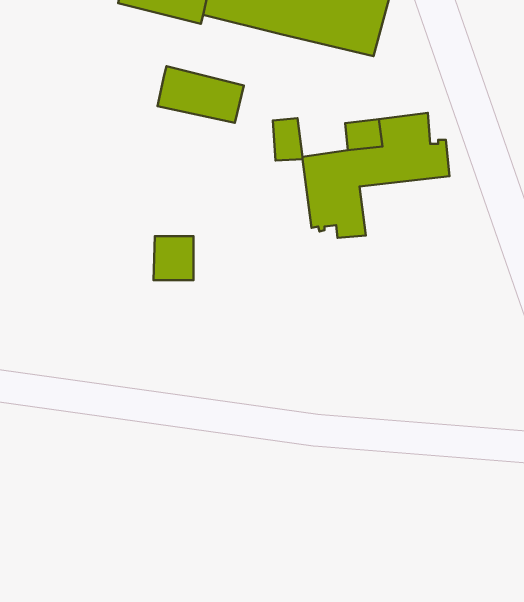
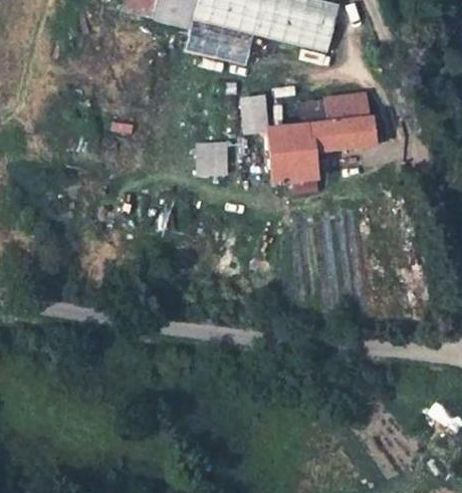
building: [158,66,244,123] -> [185,18,252,62]
building: [153,236,193,280] -> [195,143,226,177]

